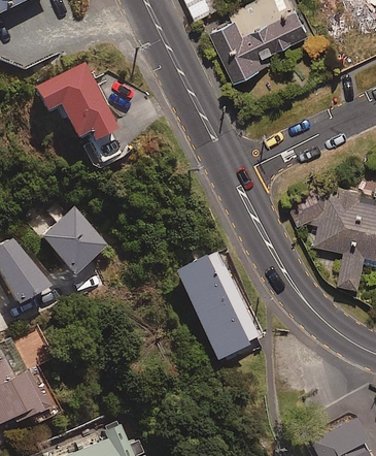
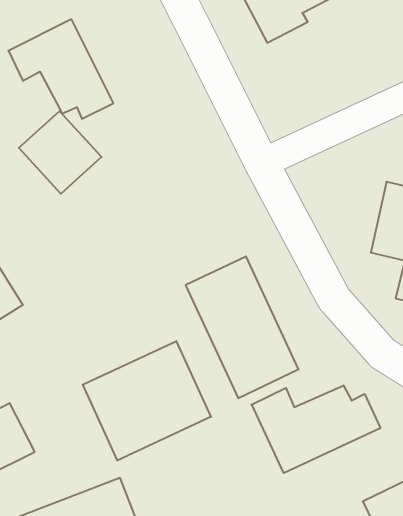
building: [39,208,104,273] -> [19,111,102,194]
building: none -> [83,341,211,460]
building: none -> [252,385,380,473]

